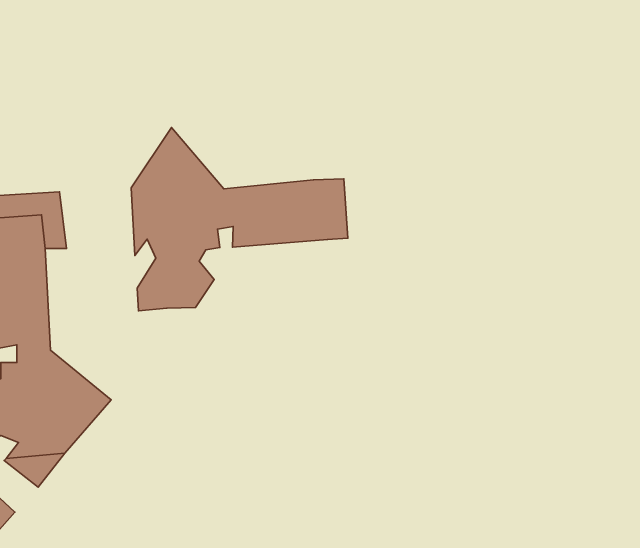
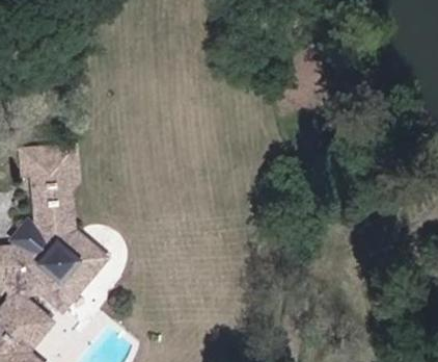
building: [131,127,348,311] -> none

